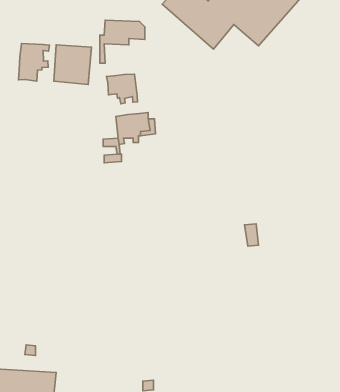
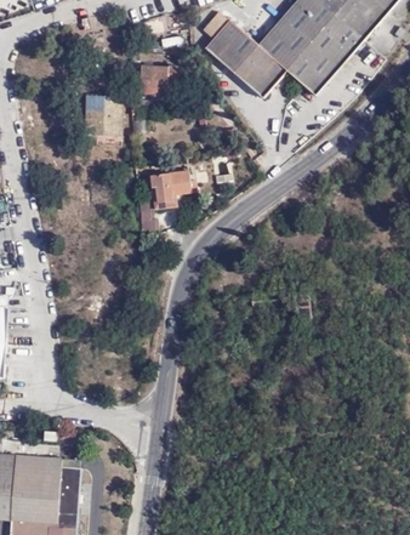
building: [19,43,49,81] -> none
building: [106,74,138,104] -> none

